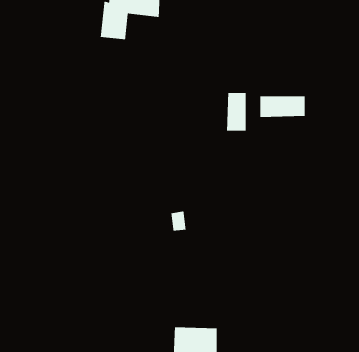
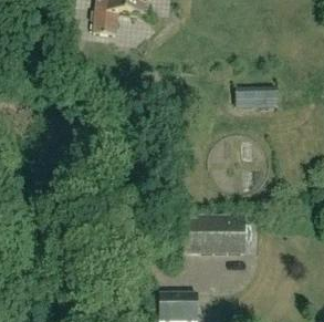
building: [226,92,247,131] -> none
building: none -> [197,215,244,253]

